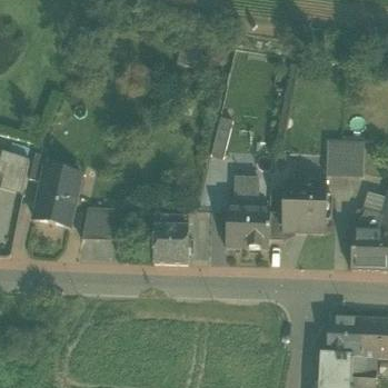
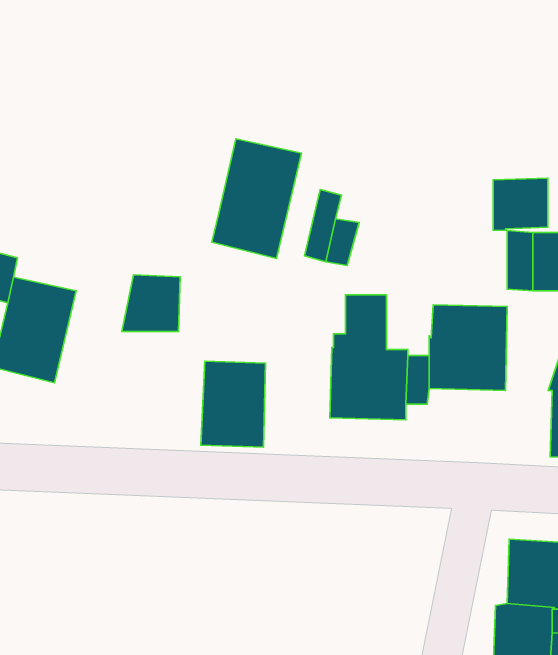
building: none -> [212,139,301,258]
building: none -> [493,178,548,230]
building: [81,207,115,239] -> [122,275,180,332]

